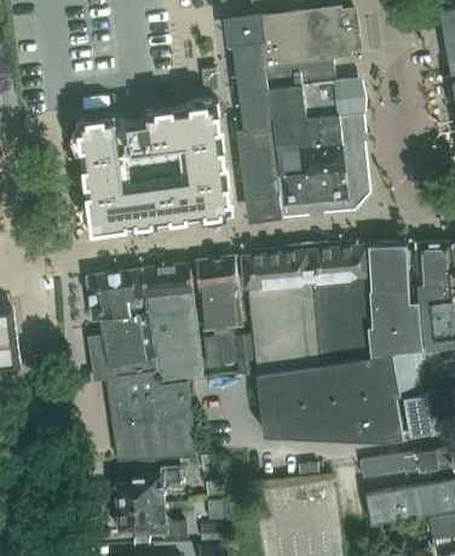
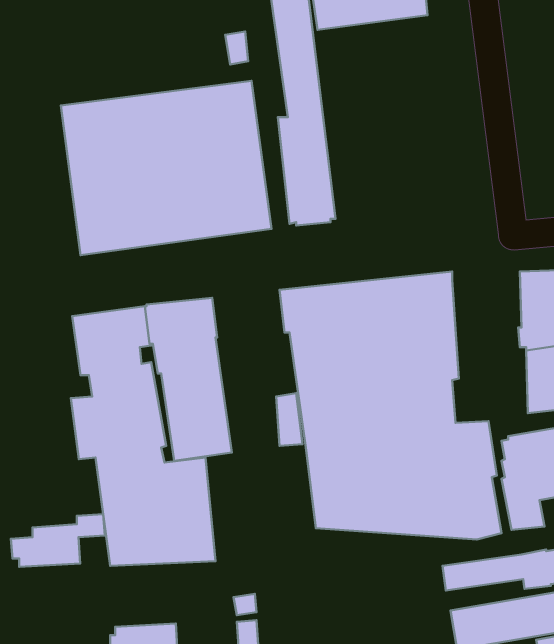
building: [266,58,359,205] -> none
building: [369,246,422,354] -> none
building: [195,258,241,368] -> none
building: [113,468,182,506] -> [11,514,105,567]

